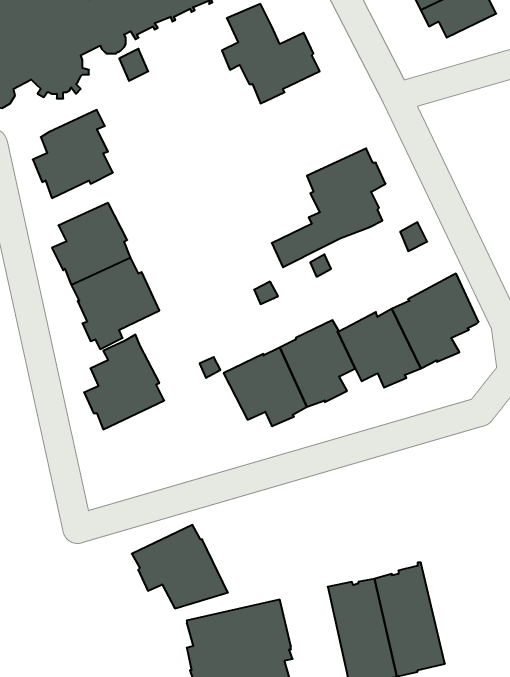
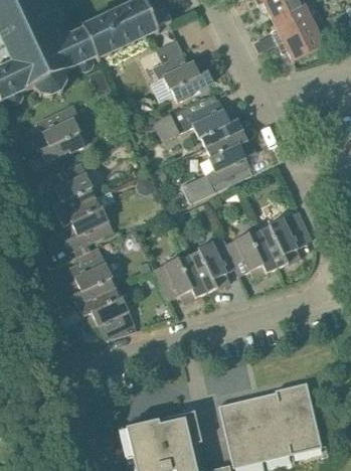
building: none -> [153,93,242,147]
building: [132,525,228,608] -> [77,288,138,340]
building: none -> [277,382,322,453]

